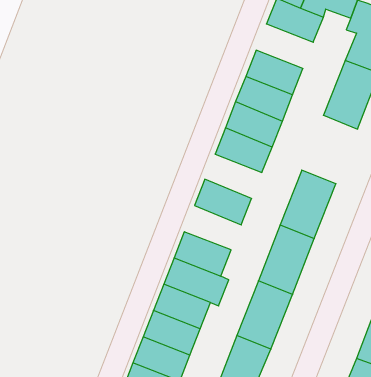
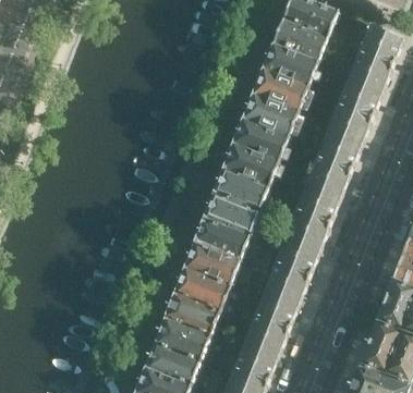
building: none -> [263,45,317,87]
building: none -> [306,132,360,197]
building: none -> [214,169,268,211]
building: none -> [194,218,248,260]

